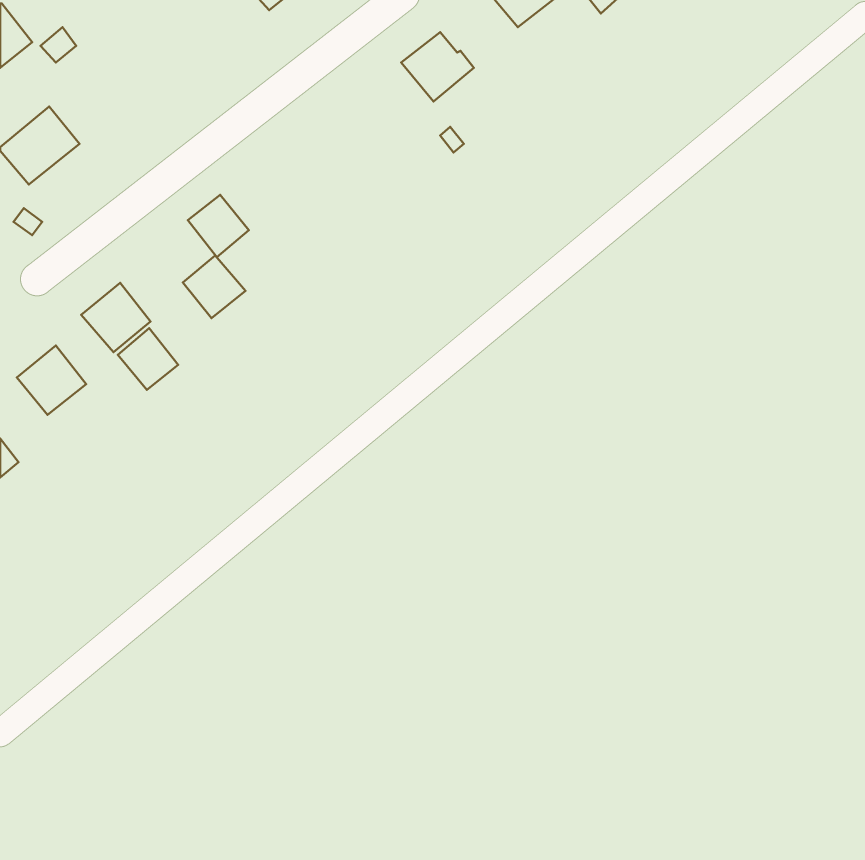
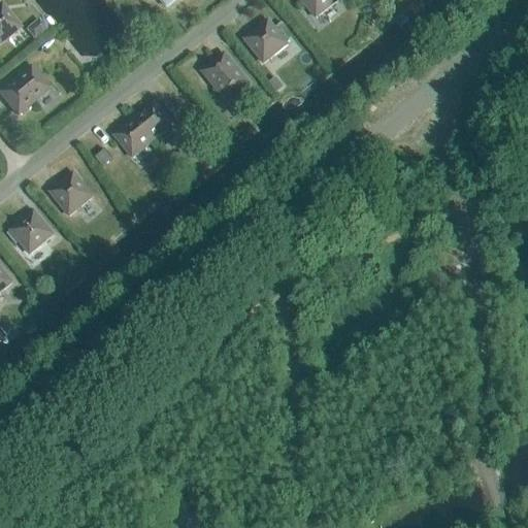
building: none -> [202,53,250,102]
building: [183,255,245,318] -> [134,102,172,140]
building: [118,328,178,390] -> none

